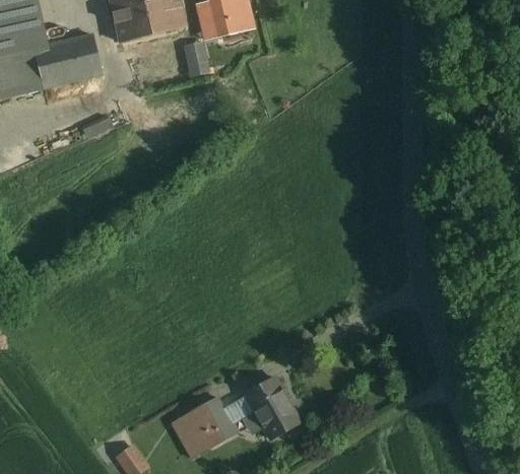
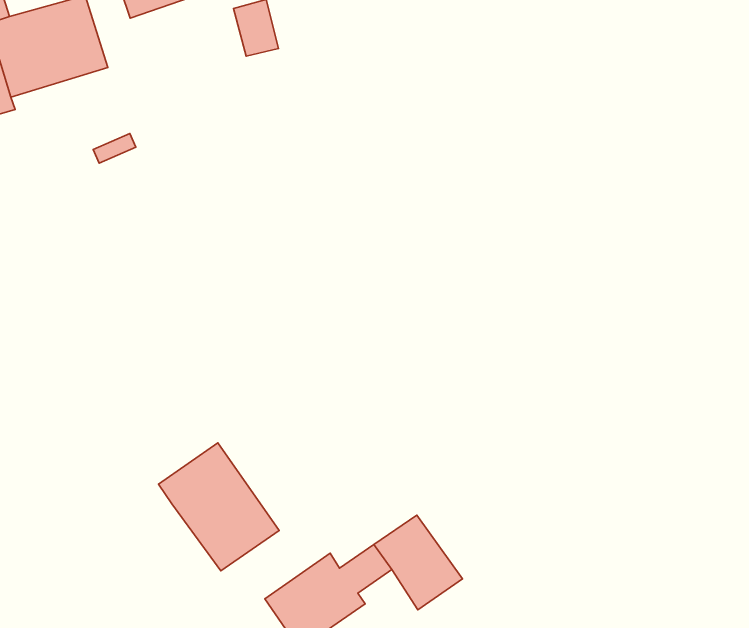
building: none -> [158,443,279,571]

